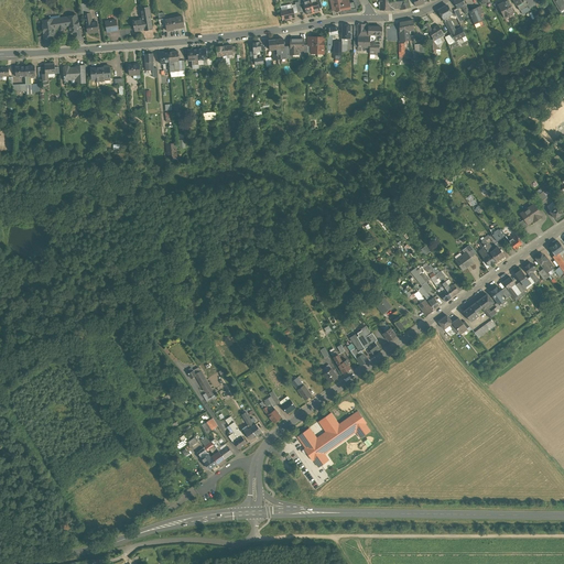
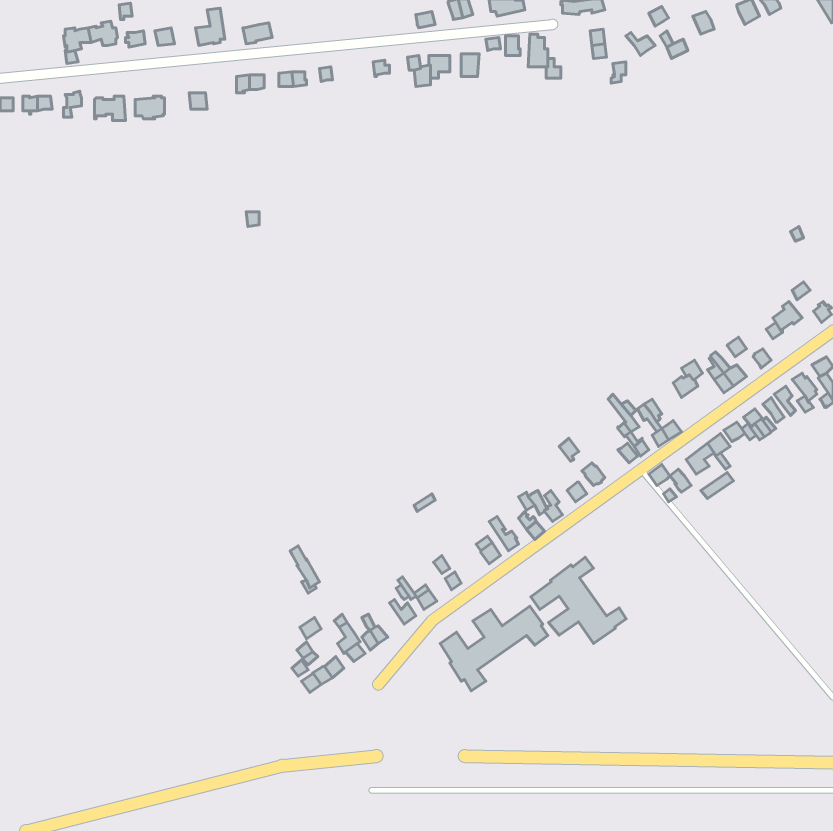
building: none -> [531,557,626,644]

